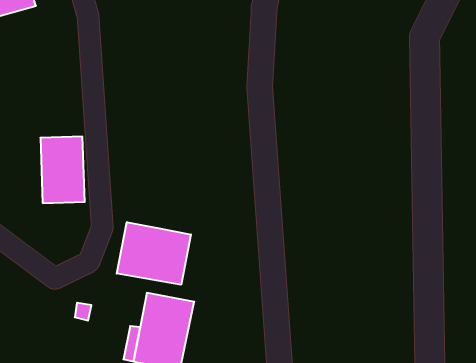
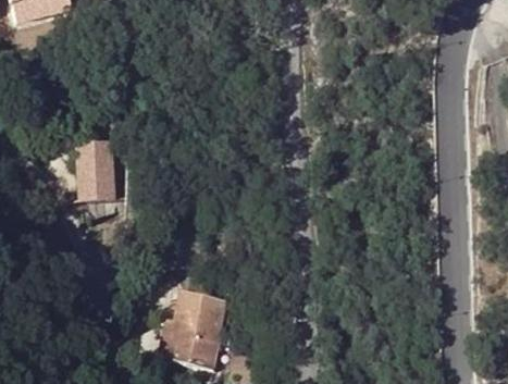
building: [117,222,191,285] -> none

